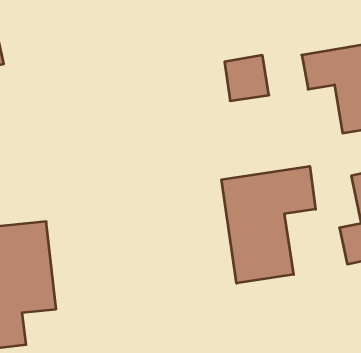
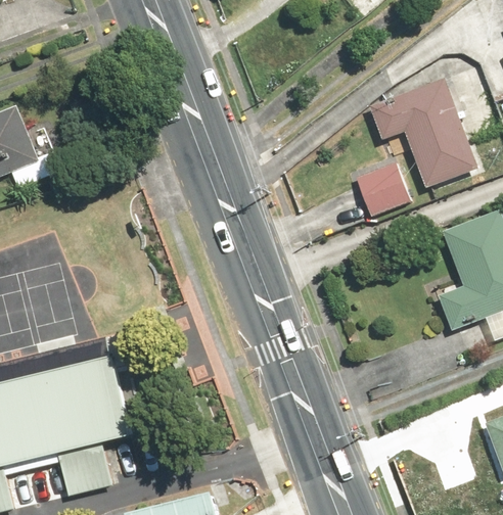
building: [225,55,269,101] -> [355,163,409,219]
building: [222,166,316,283] -> none

